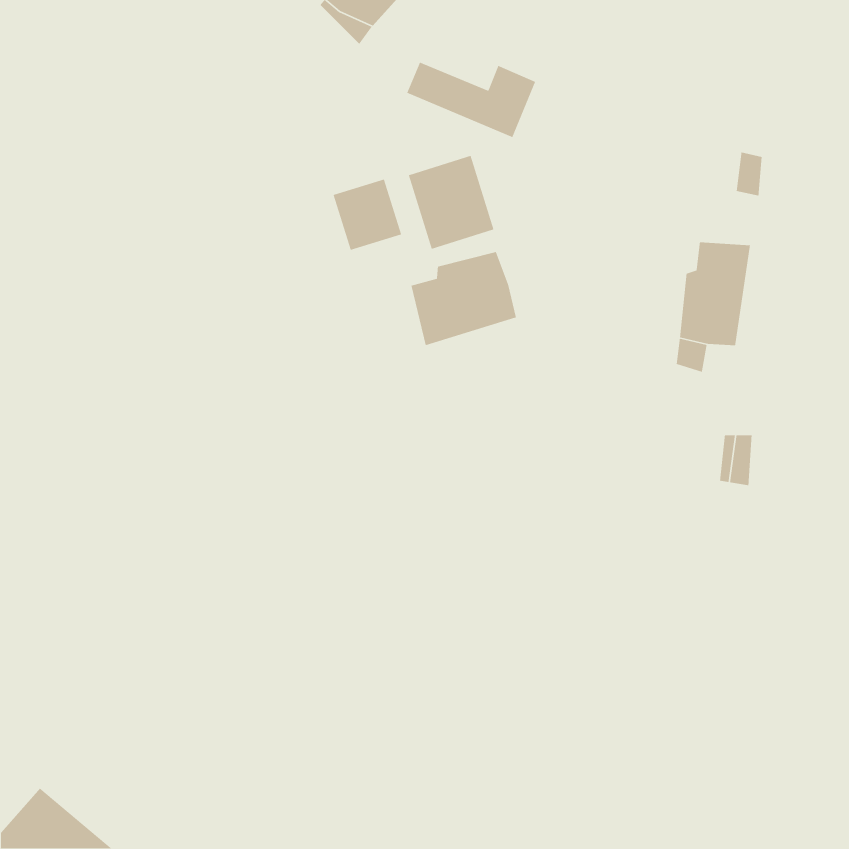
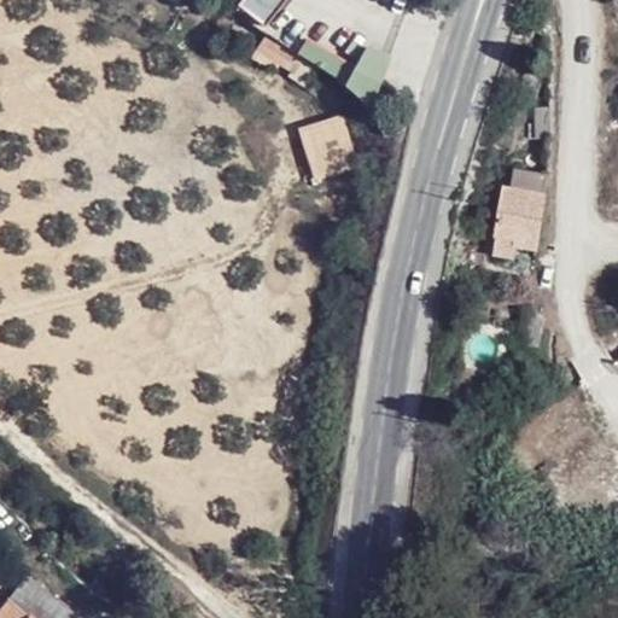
building: [333,179,402,251] -> none
building: [410,251,517,346] -> none

